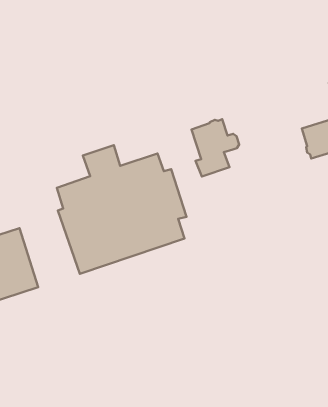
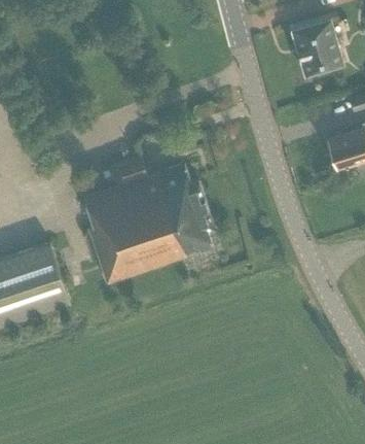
building: none -> [291,18,342,75]
building: [191,119,239,176] -> none

